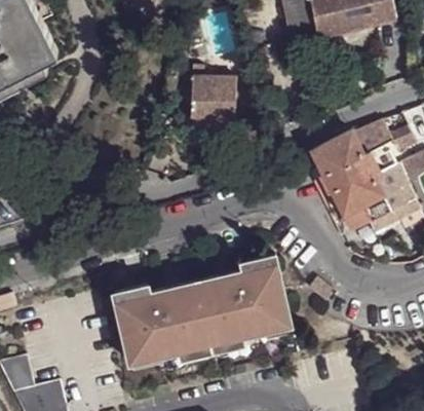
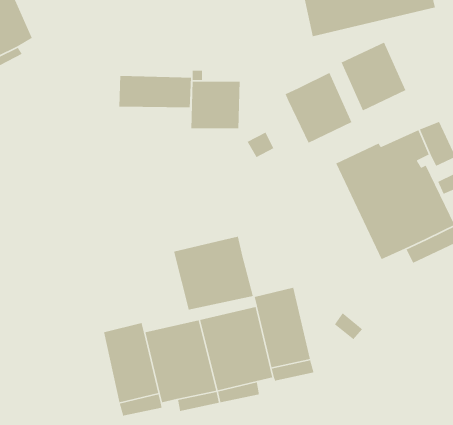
building: none -> [340,41,407,111]
building: none -> [285,72,352,144]
building: none -> [118,75,192,108]
building: none -> [173,236,254,311]

